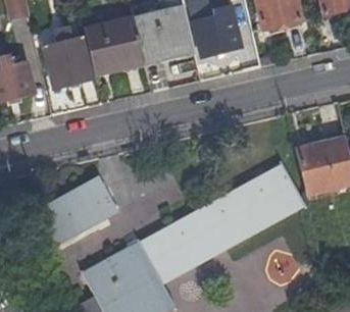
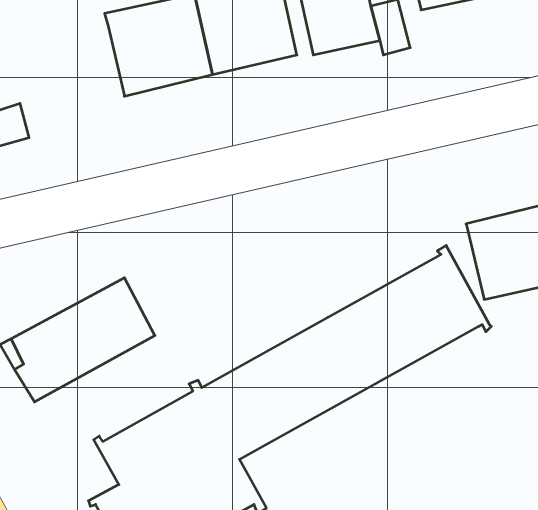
building: [42,37,96,88] -> none

